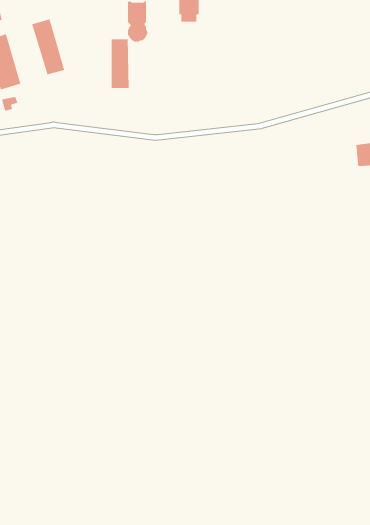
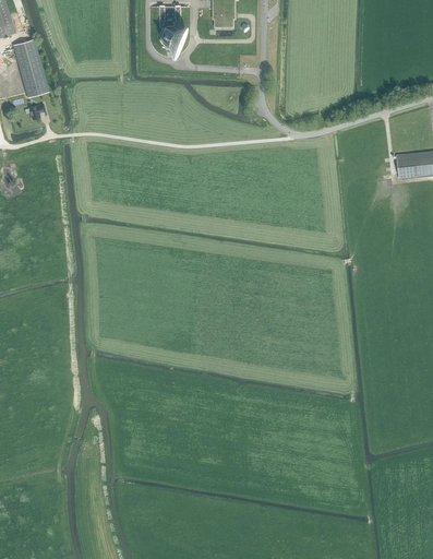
building: [31,19,65,75] -> none
building: [111,38,129,89] -> none

